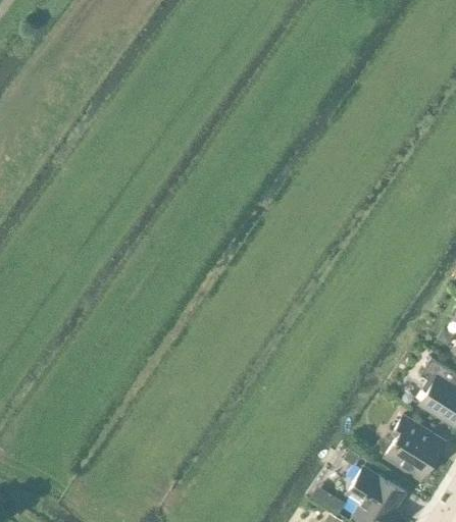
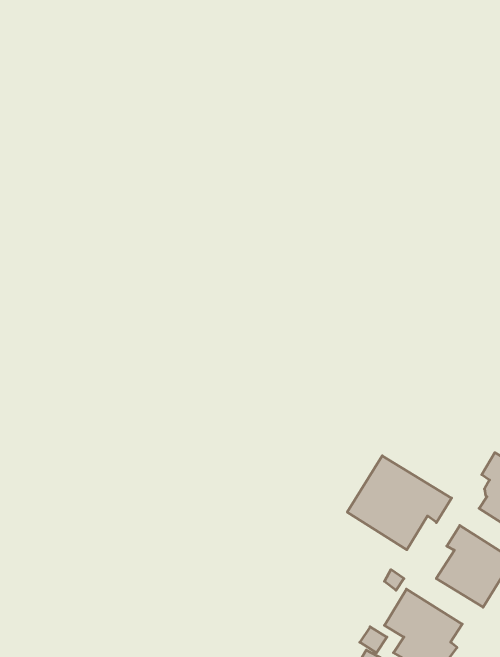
building: none -> [347,456,452,550]

